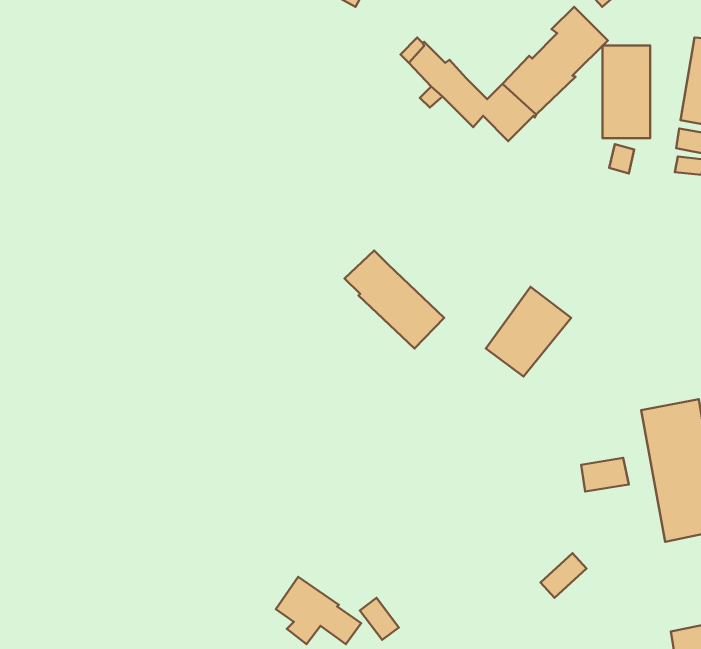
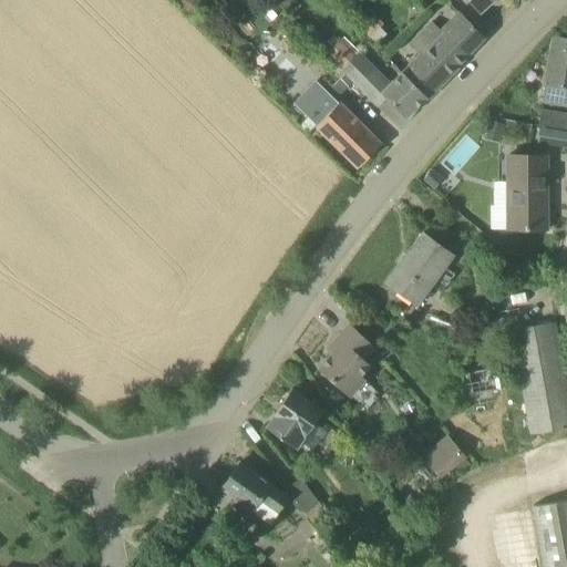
building: [602,46,650,138] -> [508,156,546,229]
building: [345,251,444,349] -> [302,91,381,168]
building: none -> [319,326,377,396]
building: none -> [266,390,322,449]

